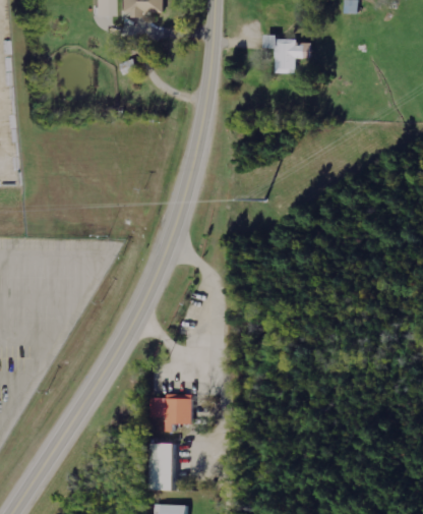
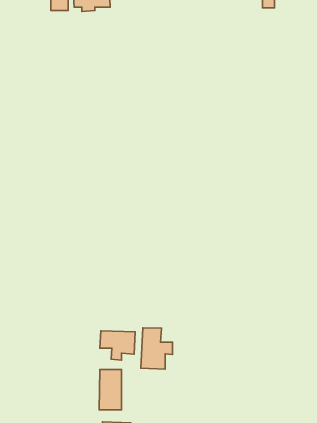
building: [264,35,311,73] -> none
building: none -> [141,328,173,369]

